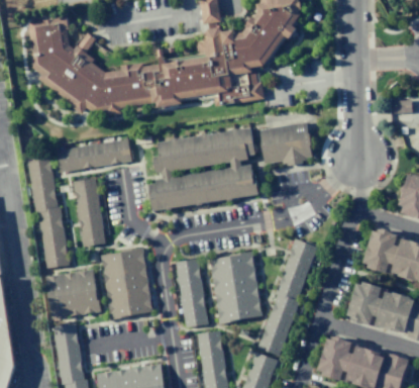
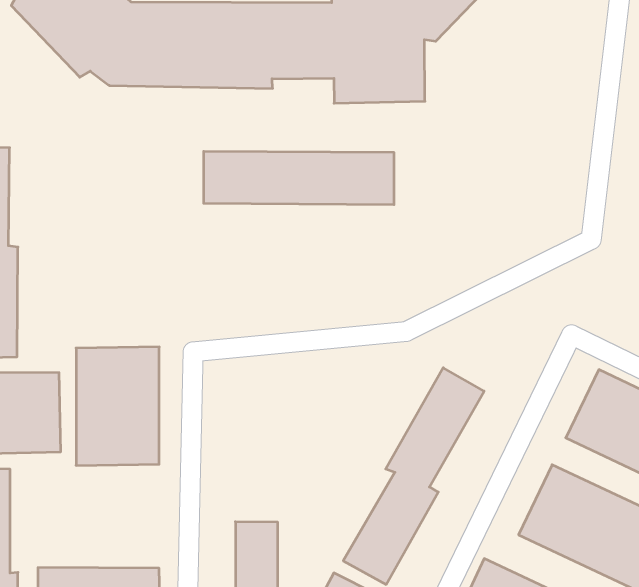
building: [257,123,309,163] -> none
building: [56,140,130,172] -> none
building: [149,168,254,210] -> none
building: [72,179,103,248] -> none
building: [206,252,259,322] -> none
building: [175,260,207,327] -> none

